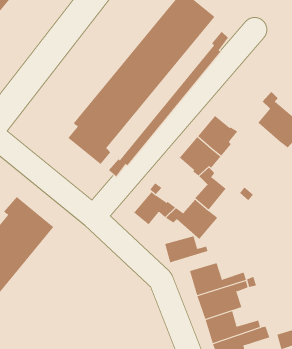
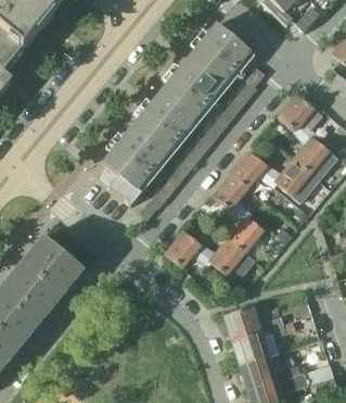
building: none -> [278,92,322,137]
building: none -> [267,158,319,201]
building: [165,235,208,263] -> none

